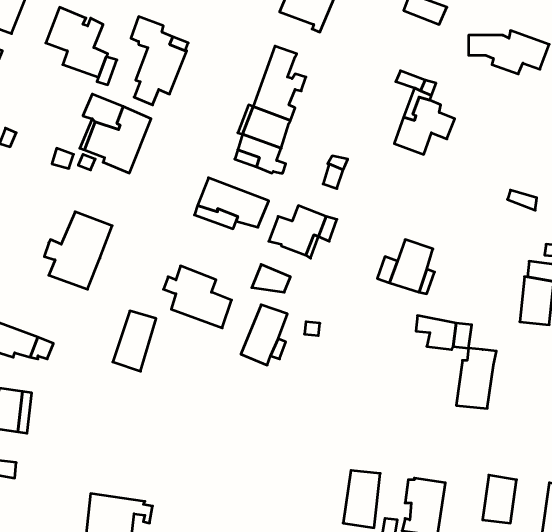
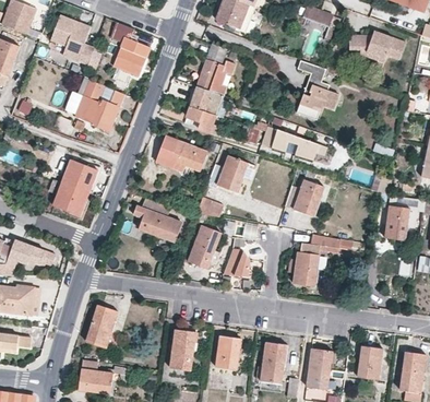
building: none -> [260,125,324,158]
building: [113,311,156,371] -> [86,305,117,347]
building: none -> [223,248,250,276]
building: [456,348,496,408] -> [292,243,321,285]
building: none -> [169,329,195,370]
building: none -> [216,335,241,369]

